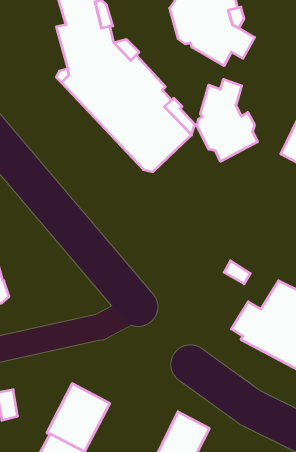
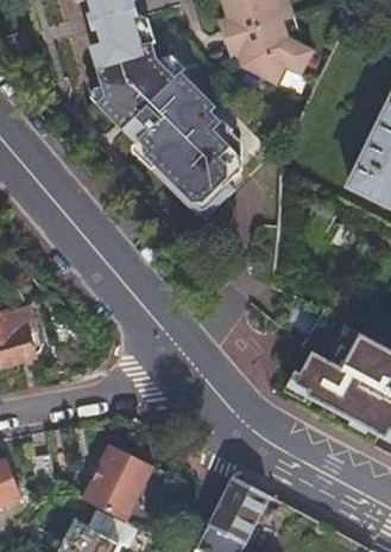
building: [197,79,257,161] -> none

